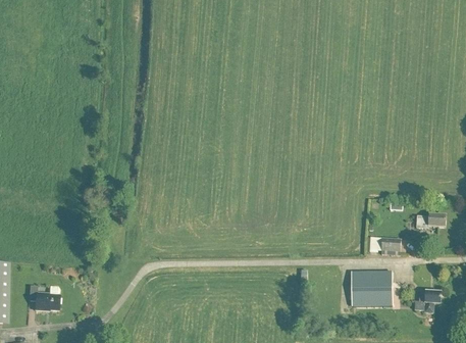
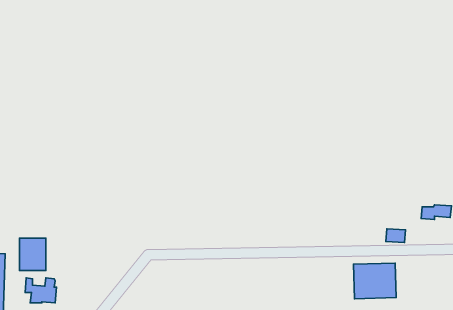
building: none -> [19,238,46,271]
building: [414,291,441,311] -> none

